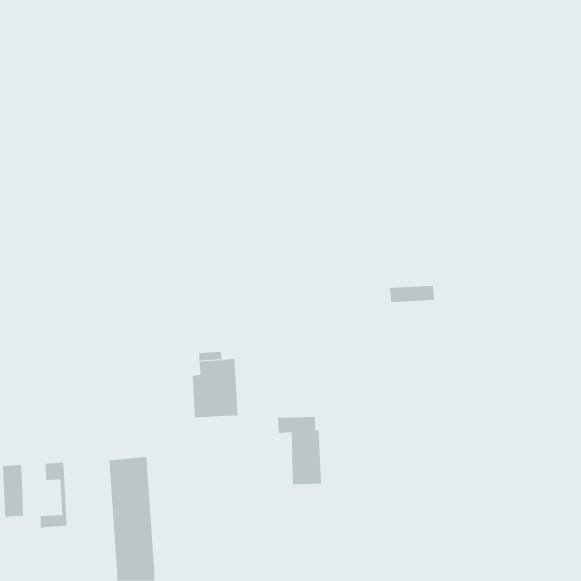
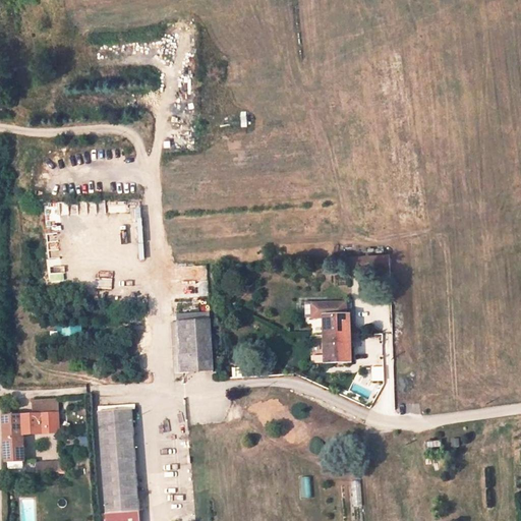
building: [277,416,322,485] -> [311,302,351,363]
building: none -> [19,396,57,429]

